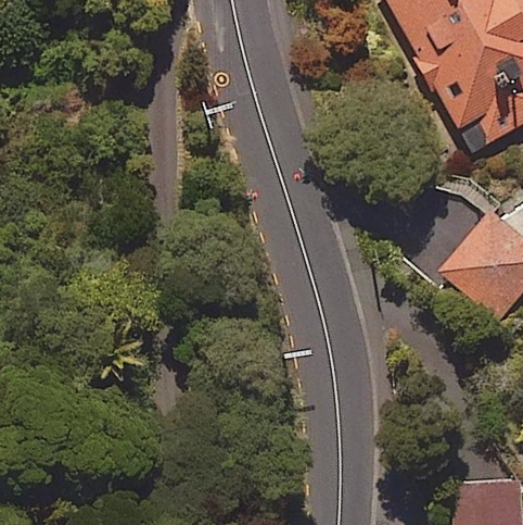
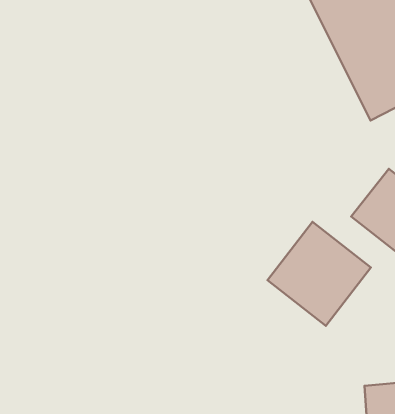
building: none -> [268,222,371,326]

